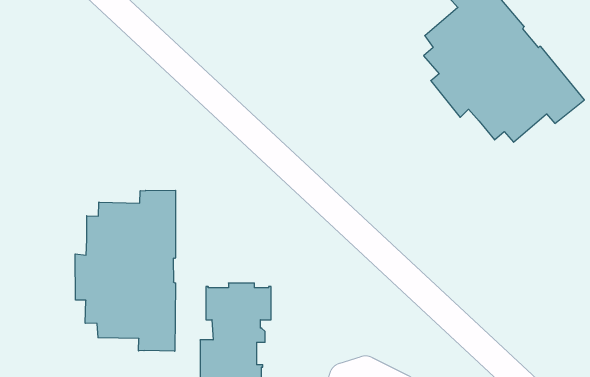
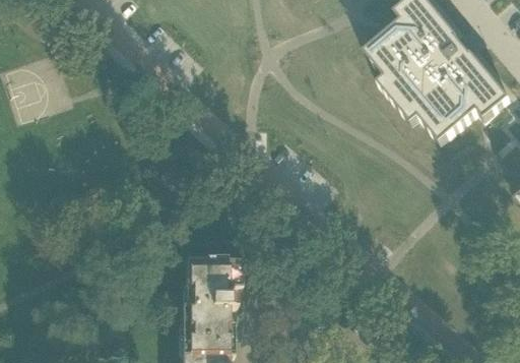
building: [75,190,176,351] -> none

